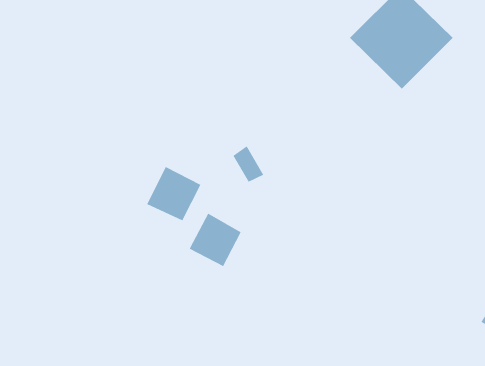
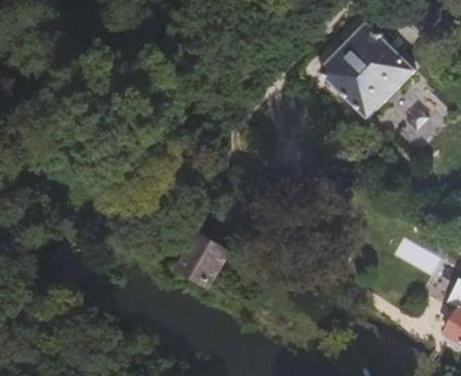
building: [147,166,201,221] -> none

